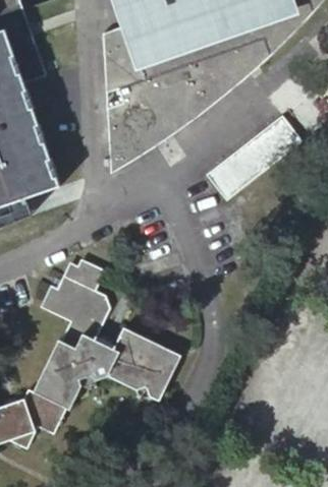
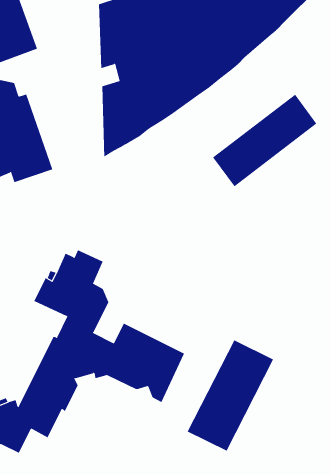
building: none -> [187,339,274,452]

